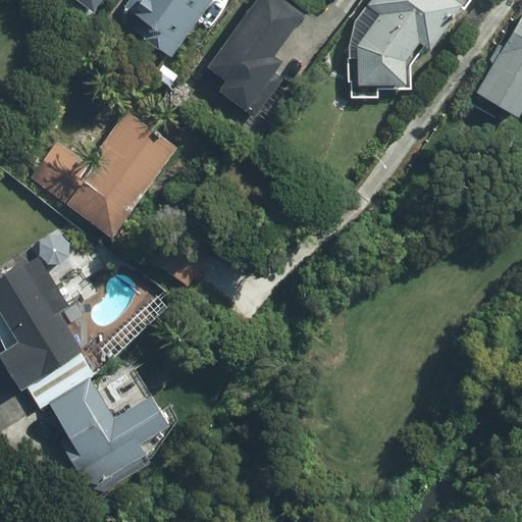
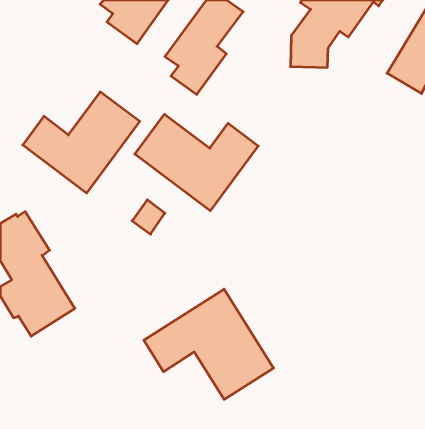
building: none -> [135,114,258,211]
building: none -> [144,289,274,399]
building: [52,381,166,488] -> none

